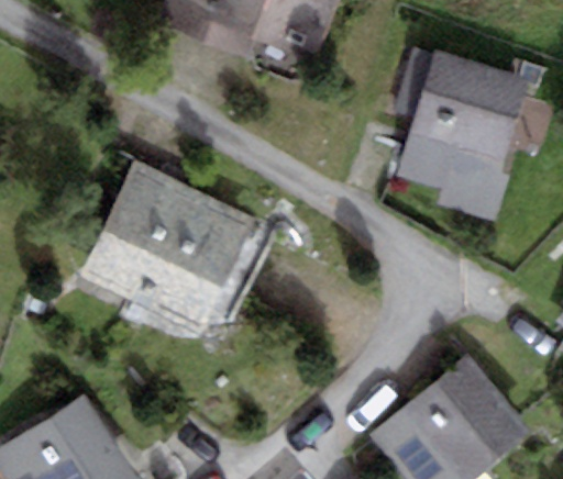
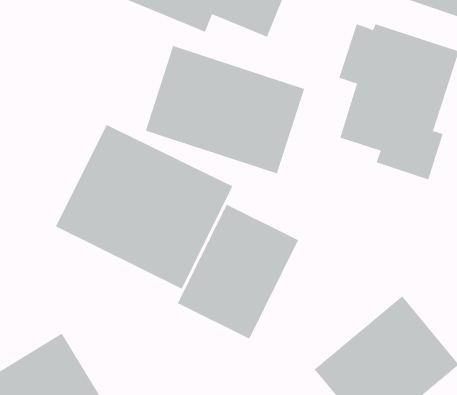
building: none -> [145,45,305,174]
building: none -> [177,204,299,339]

